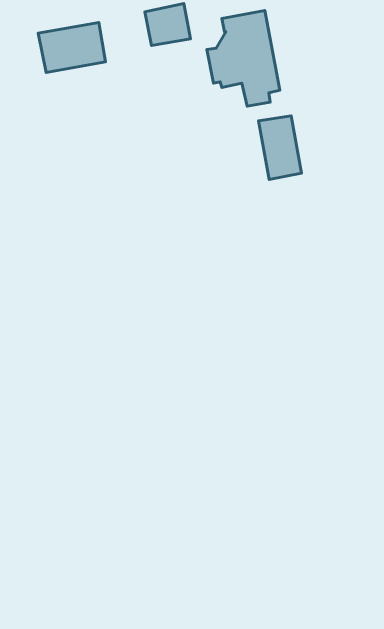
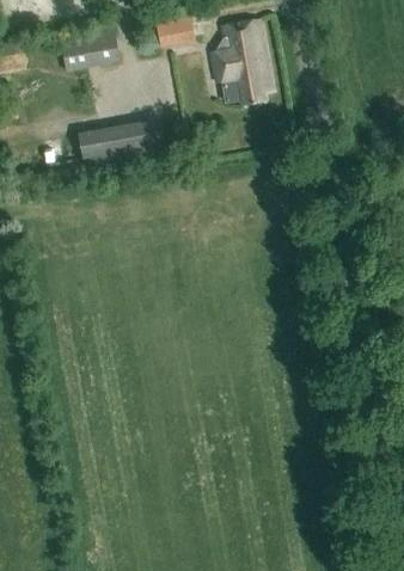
building: [258,116,302,179] -> none
building: none -> [79,118,167,174]

